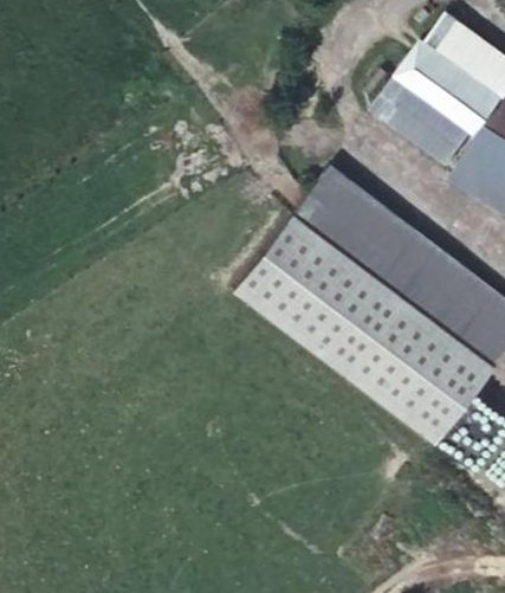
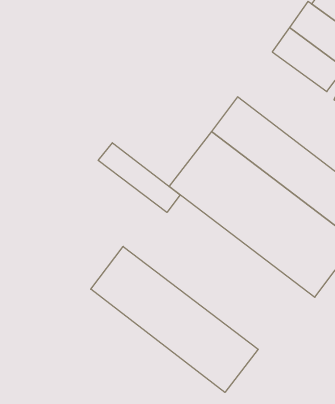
building: none -> [98,143,180,212]
building: none -> [91,246,258,392]

